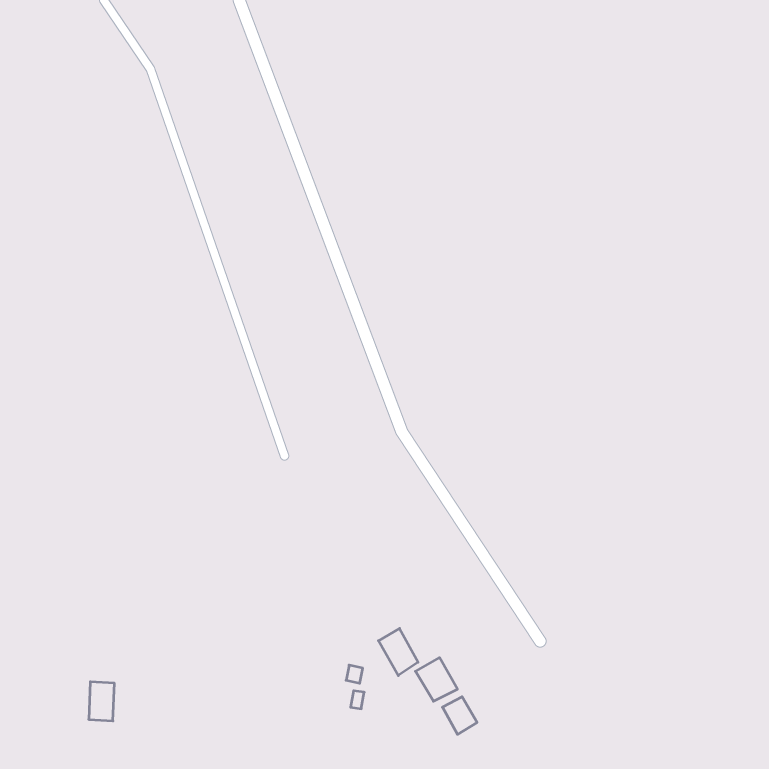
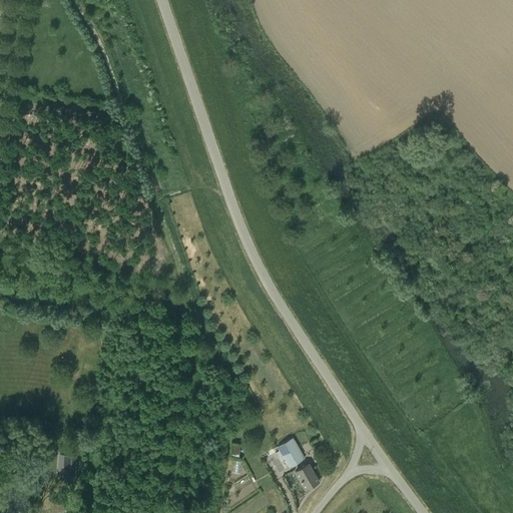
building: [378,628,418,676] -> none

